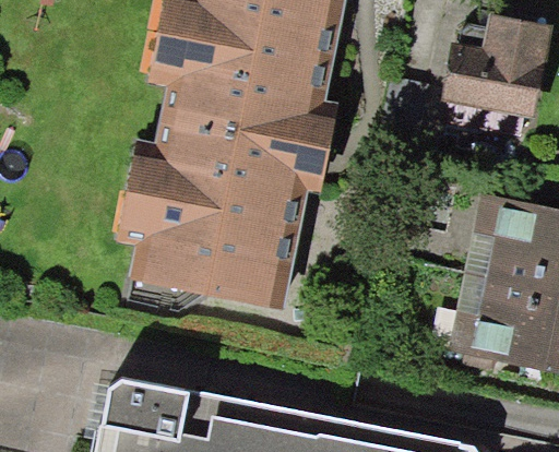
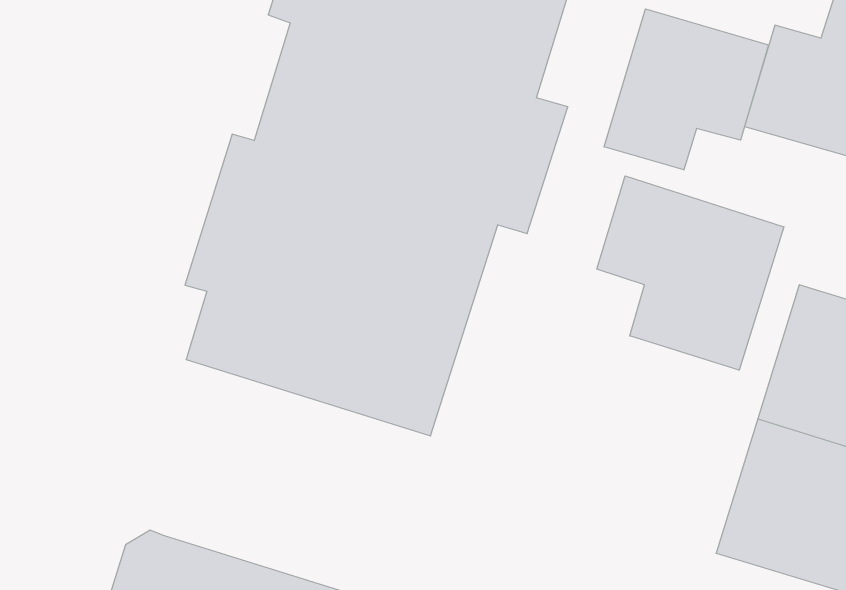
building: none -> [604,9,769,170]
building: none -> [597,176,784,370]

